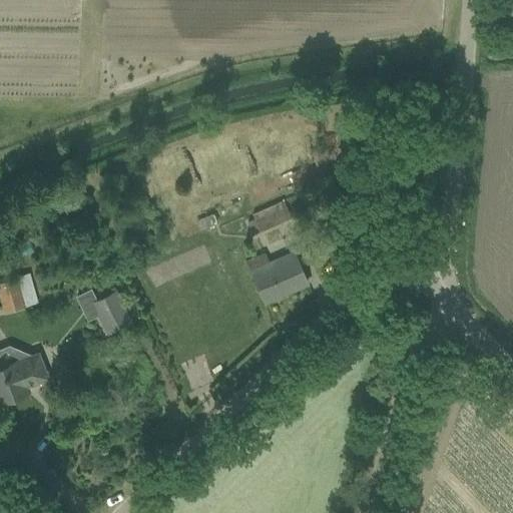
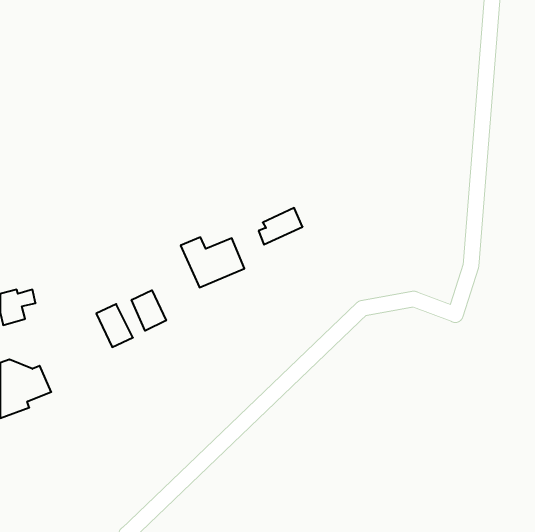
building: [245,254,307,303] -> [181,237,244,287]
building: none -> [132,290,166,331]

